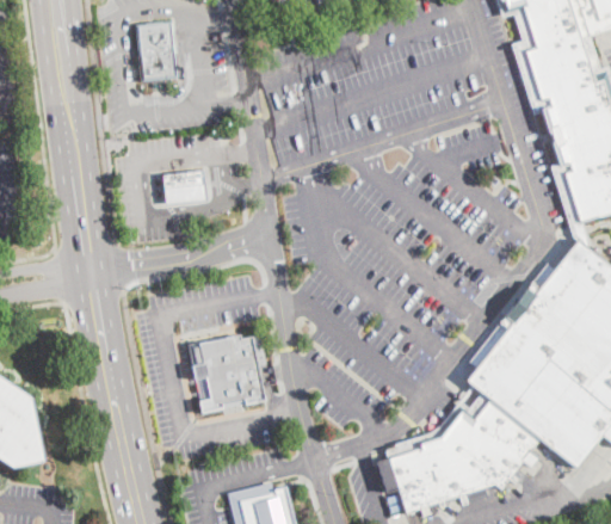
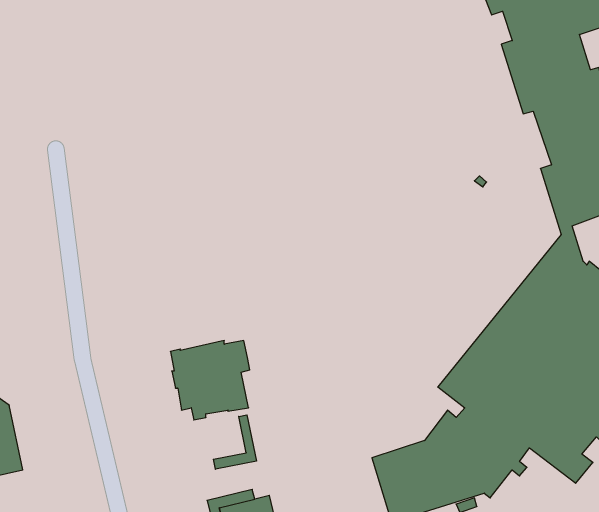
building: [138,23,187,82] -> none
building: [166,172,210,204] -> none
building: none -> [213,415,256,469]

